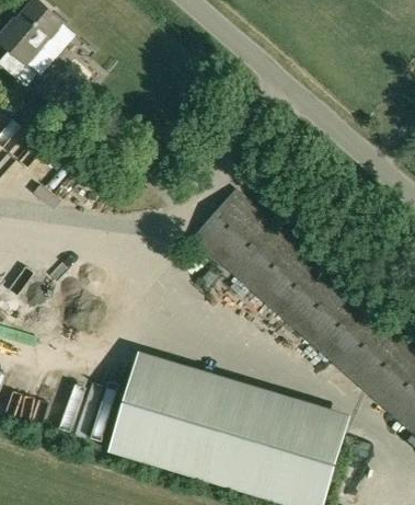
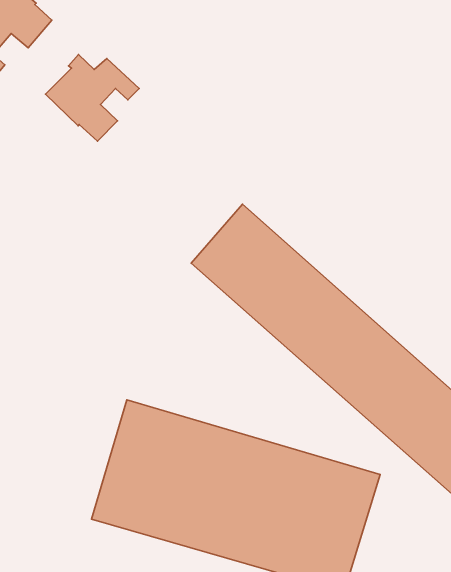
building: none -> [46,54,139,141]

